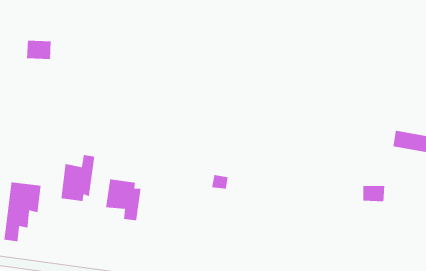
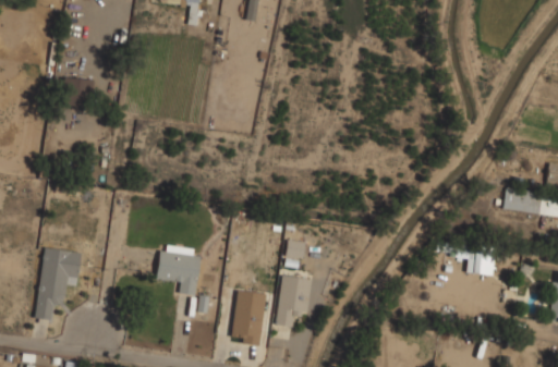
building: [60,154,95,202] -> none
building: none -> [276,274,313,327]
building: none -> [233,290,266,345]

